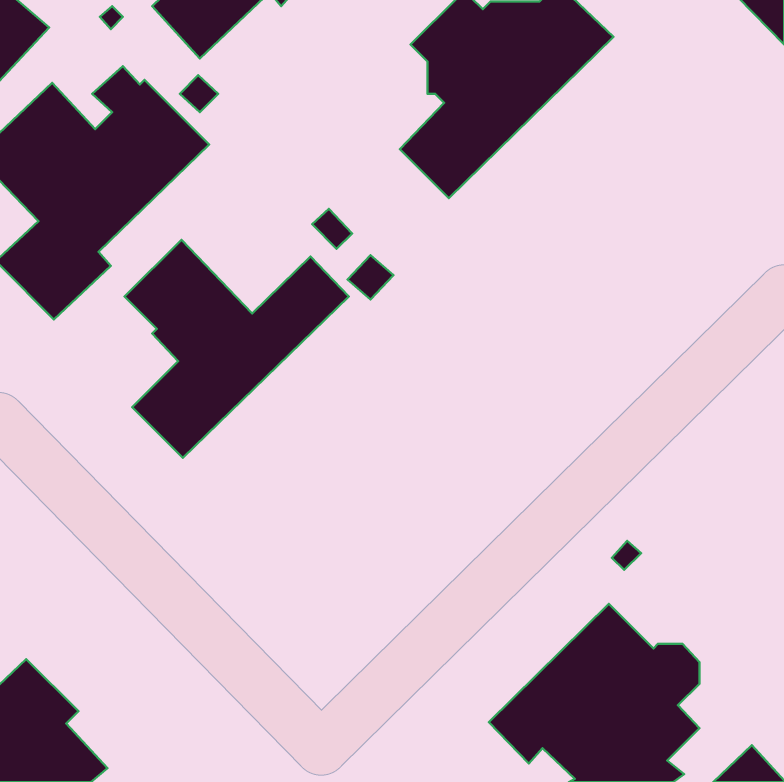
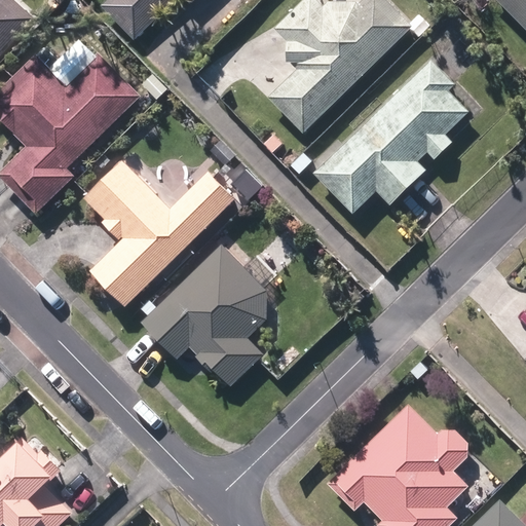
building: none -> [313,61,467,213]
building: none -> [141,246,266,386]

